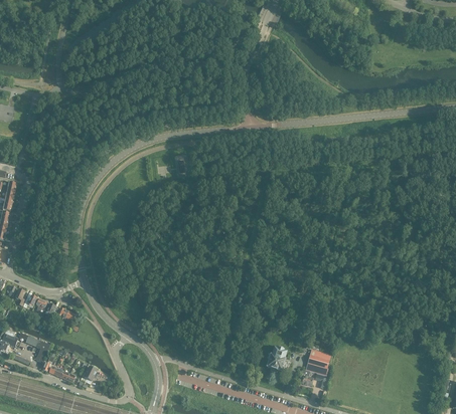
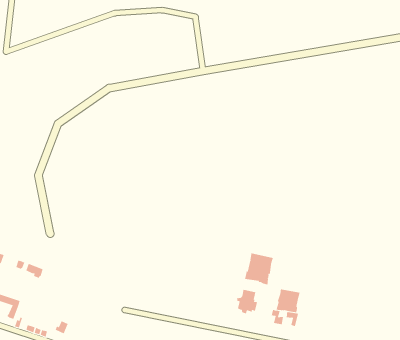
building: none -> [245,252,273,285]

